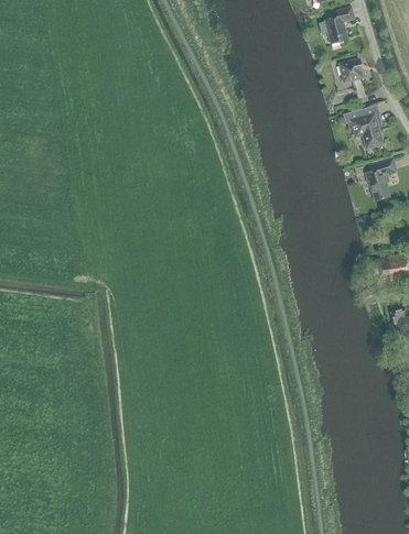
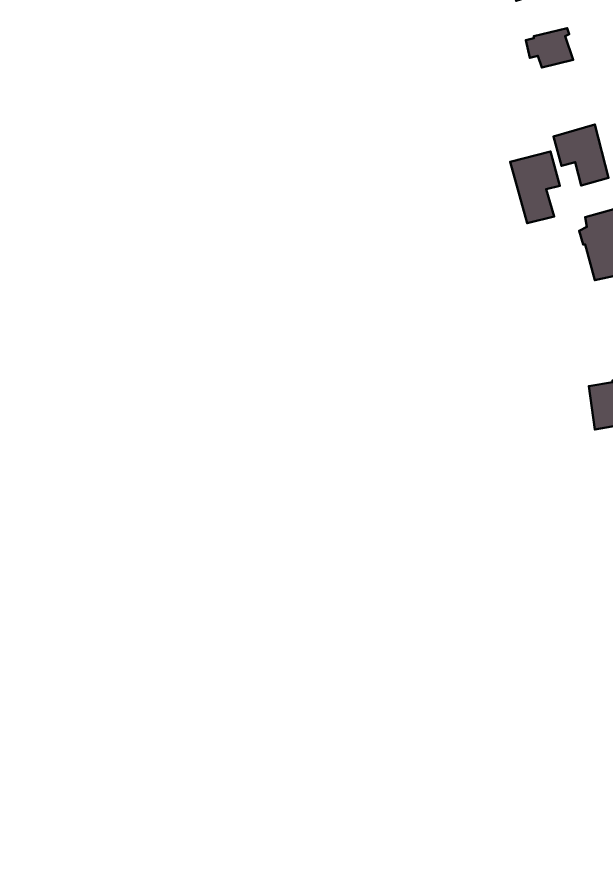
building: none -> [510,152,560,223]

